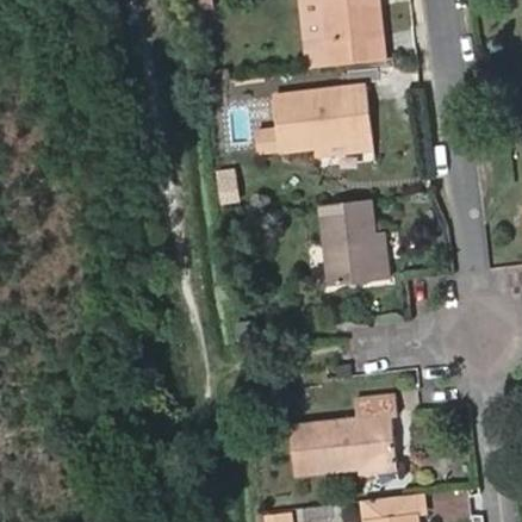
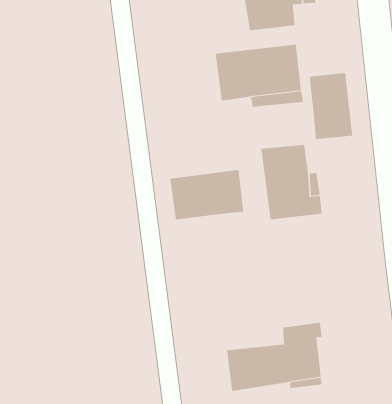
building: none -> [309,72,353,140]
building: none -> [170,169,244,220]

